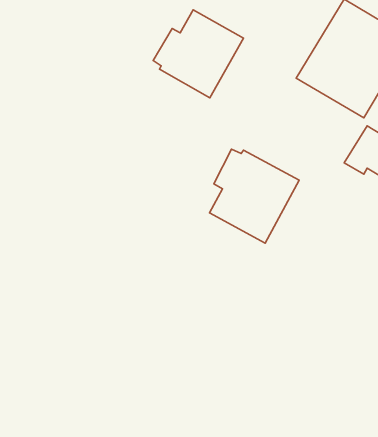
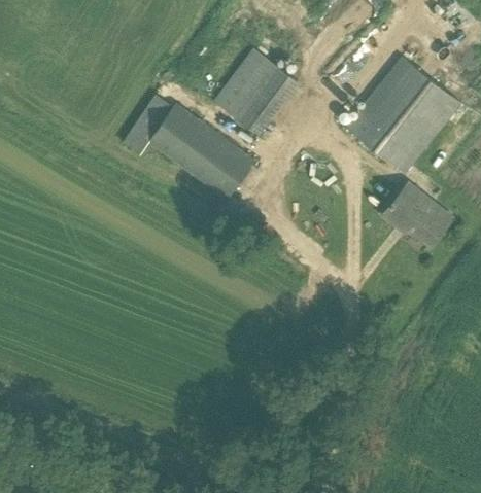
building: none -> [121,94,255,200]
building: [209,149,299,243] -> none

